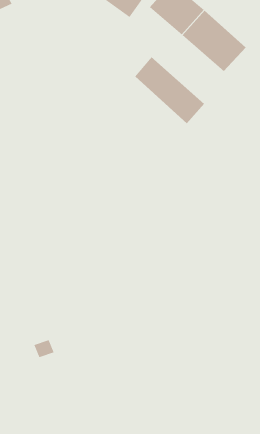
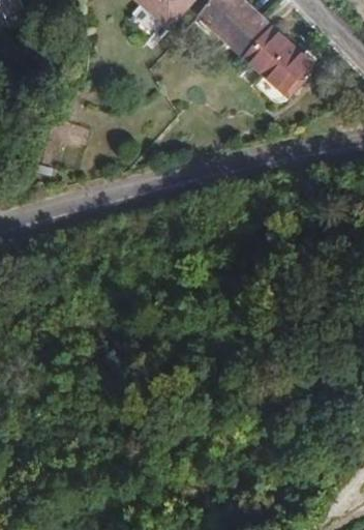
building: [134,56,205,124] -> none

